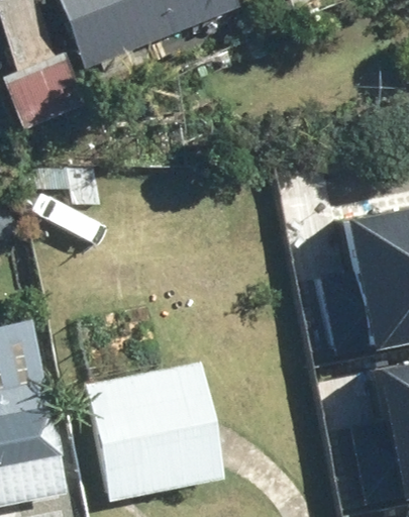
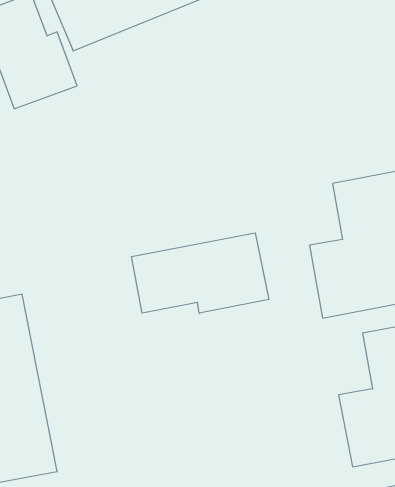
building: none -> [132,233,269,313]
building: [88,364,226,502] -> none

